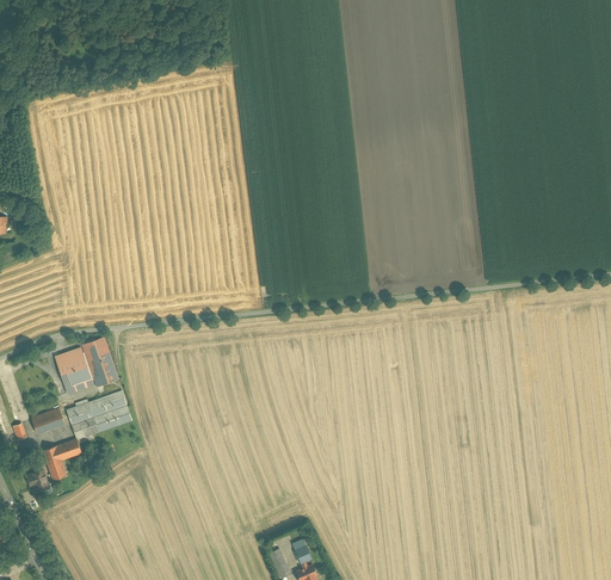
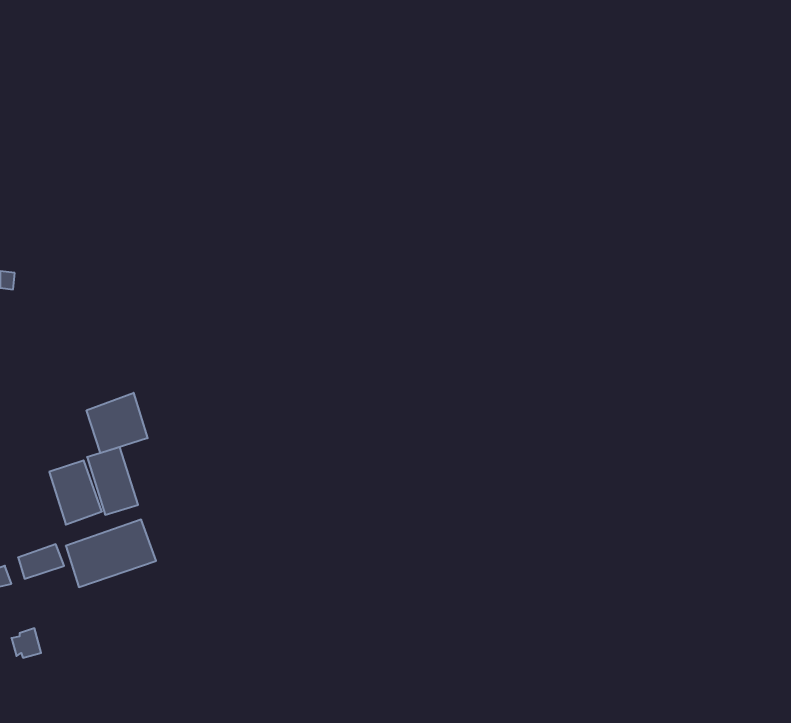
building: none -> [87,393,148,453]
building: [42,438,81,481] -> none

